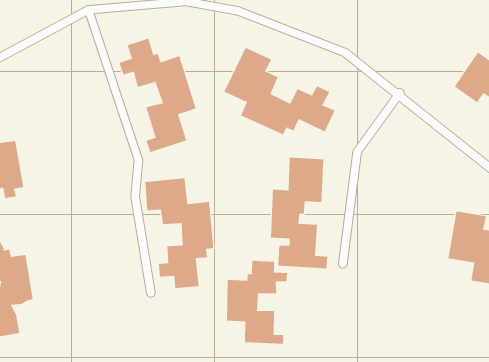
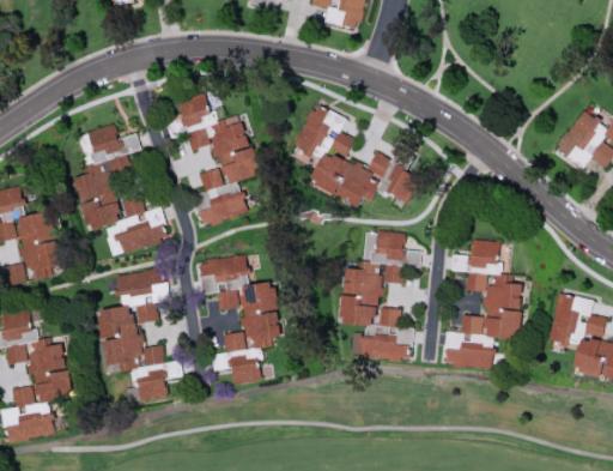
building: none -> [75,123,169,254]
building: none -> [445,238,522,367]
building: none -> [99,267,182,401]
building: [227,260,287,344] -> none

